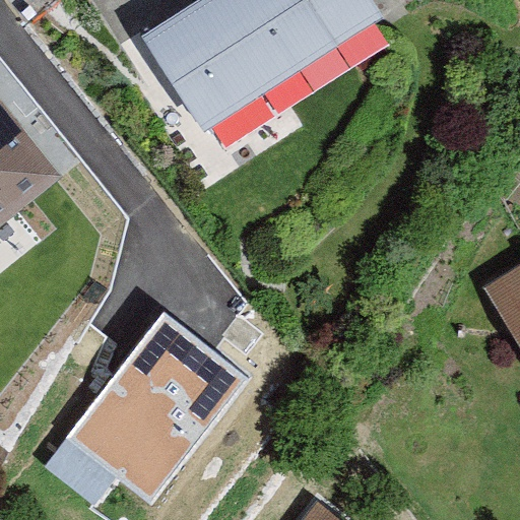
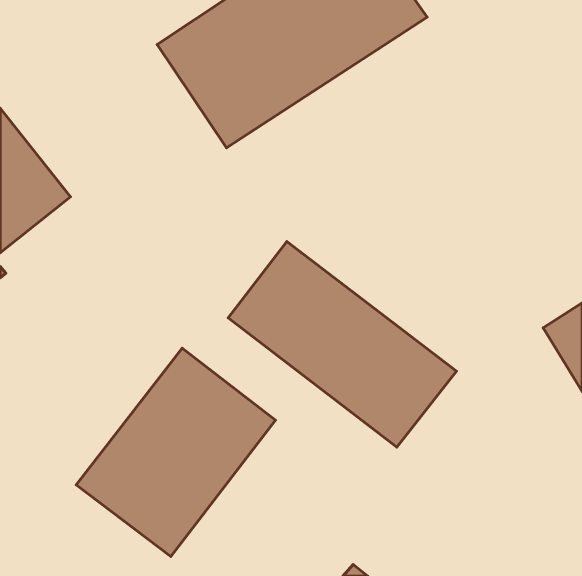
building: none -> [228,242,456,447]

